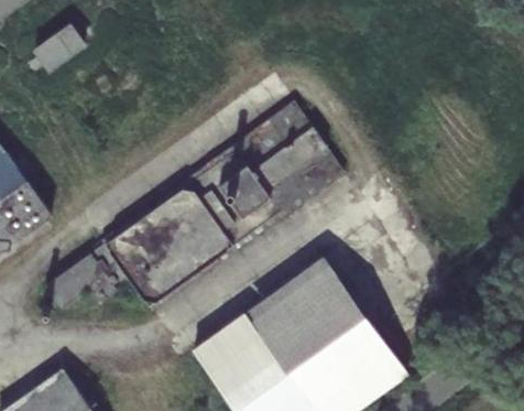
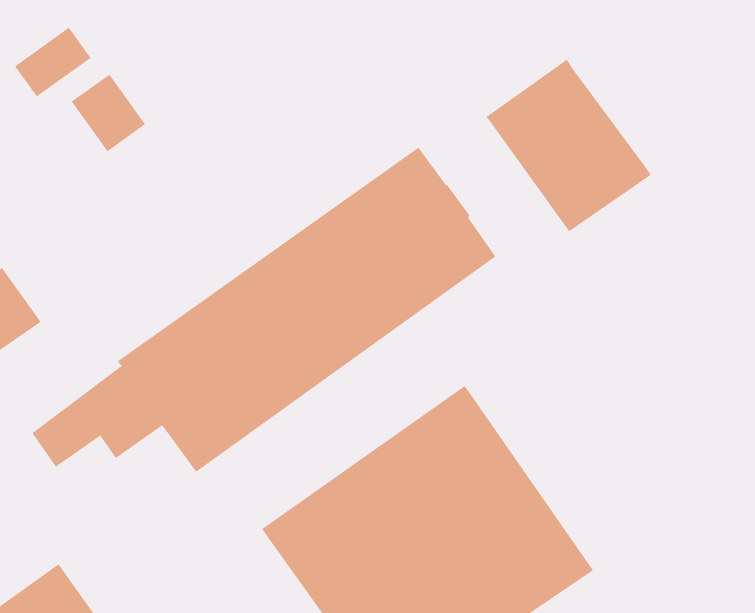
building: none -> [486,59,651,232]
building: none -> [71,74,146,152]

